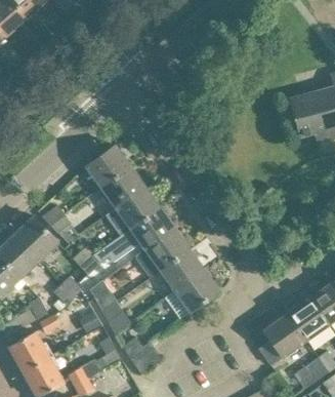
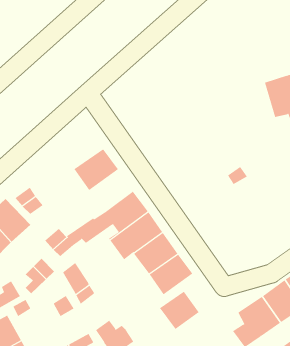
building: [86,145,130,187] -> none
building: [106,187,160,236] -> none
building: none -> [159,291,199,330]

